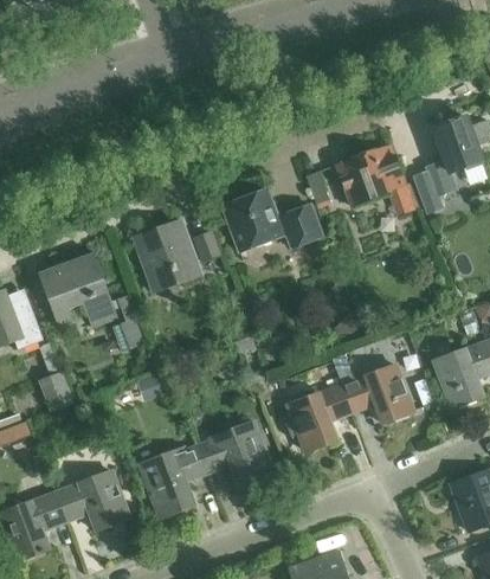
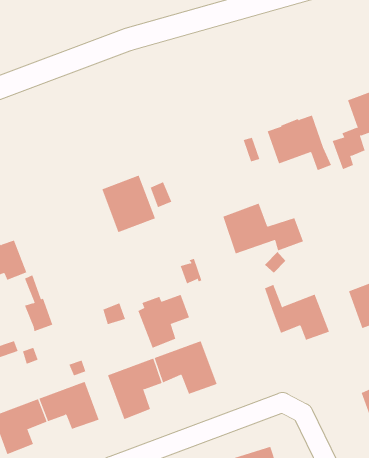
building: [221,188,321,251] -> [222,203,304,254]
building: [39,251,143,349] -> none
building: [289,385,353,451] -> [138,294,190,348]

